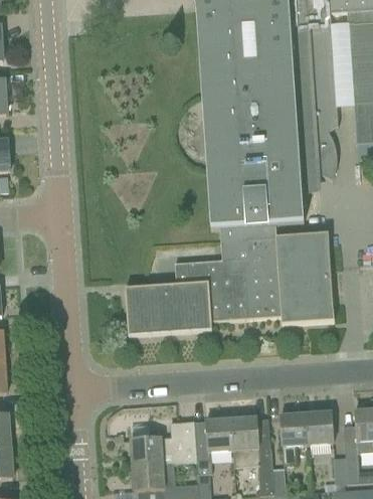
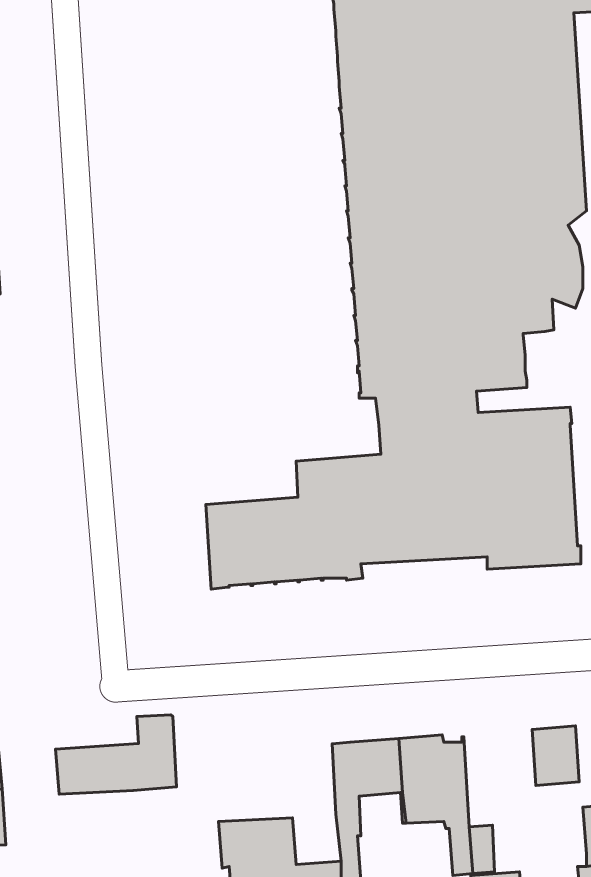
building: [281,412,309,462] -> none
building: [130,420,197,464] -> [56,715,176,794]

